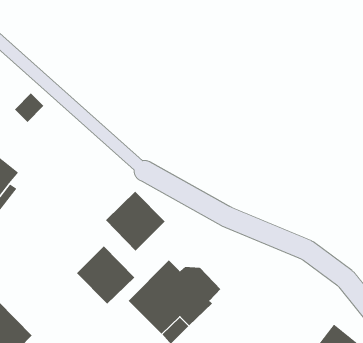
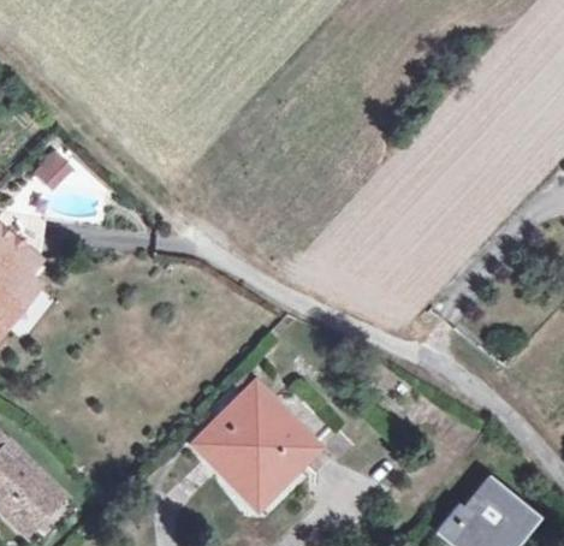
building: [105,191,166,252] -> none
building: [76,245,135,305] -> none

